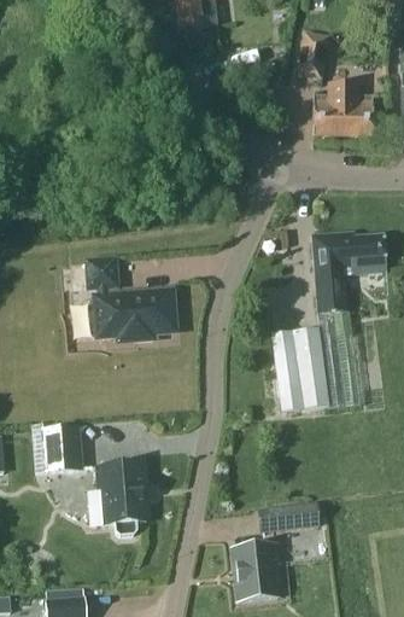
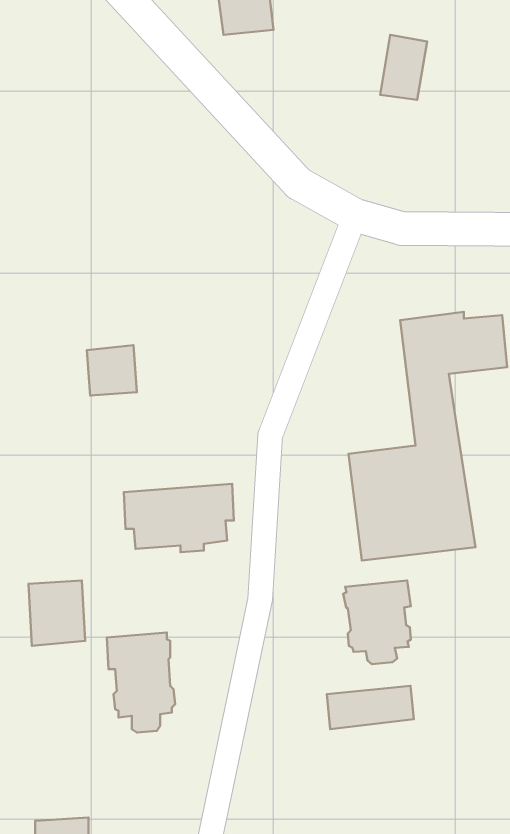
building: [314,81,373,135] -> none
building: [95,290,175,339] -> [124,484,234,552]
building: none -> [343,580,411,664]
building: [233,543,279,601] -> none

